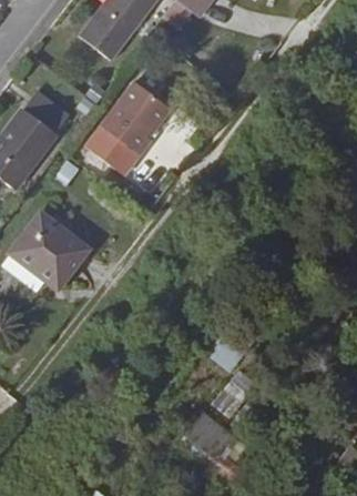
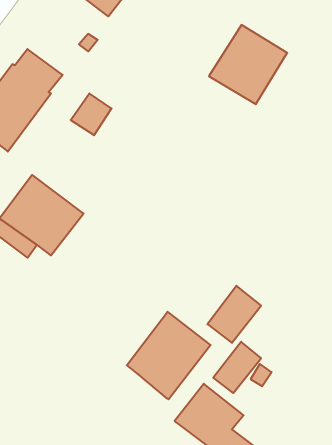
building: [100,80,174,155] -> [209,25,287,104]
building: none -> [127,312,211,399]

